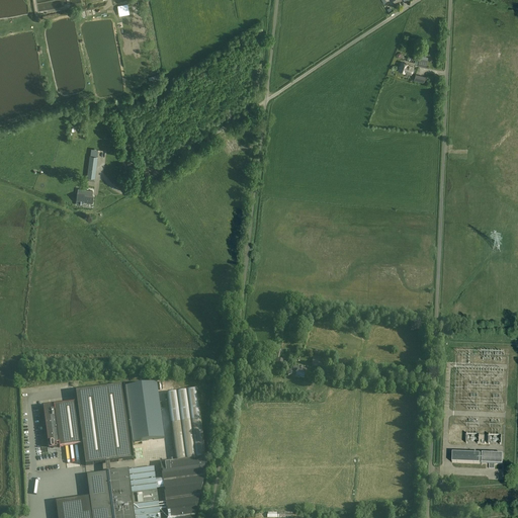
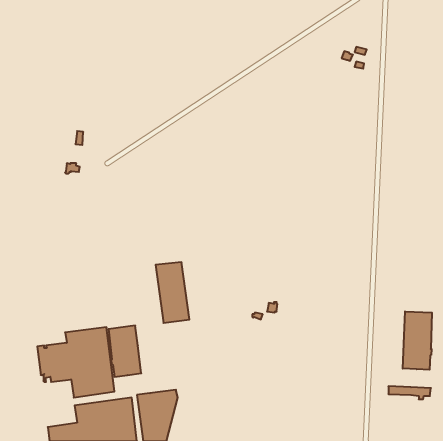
building: none -> [403,311,432,370]
building: [166,387,205,458] -> [156,262,189,323]

